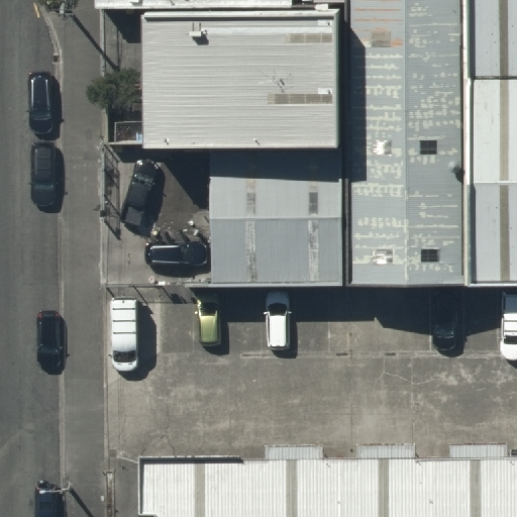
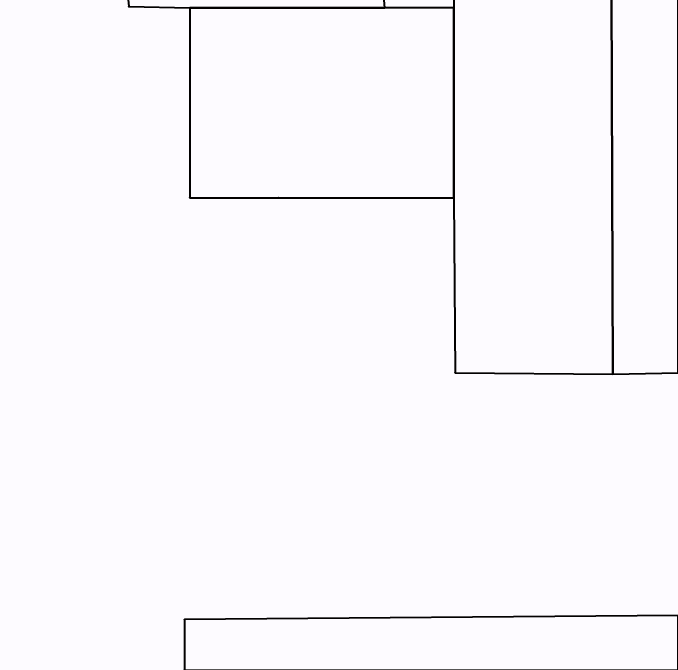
building: [212,150,346,285] -> none

